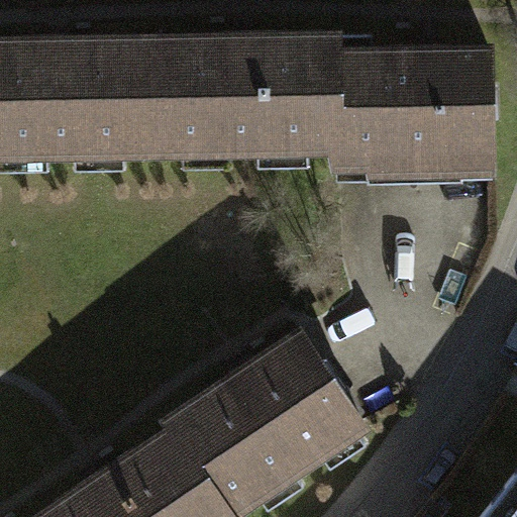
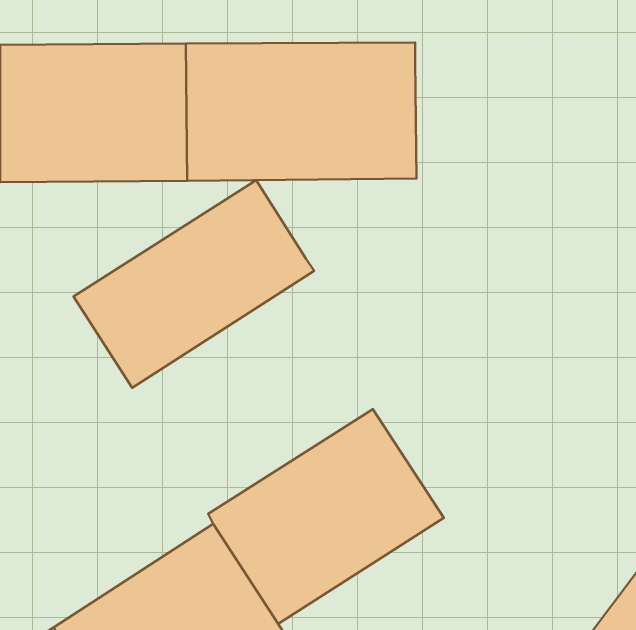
building: [337,54,494,172] -> none
building: none -> [74,180,314,388]

